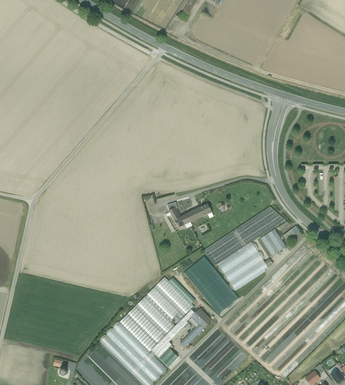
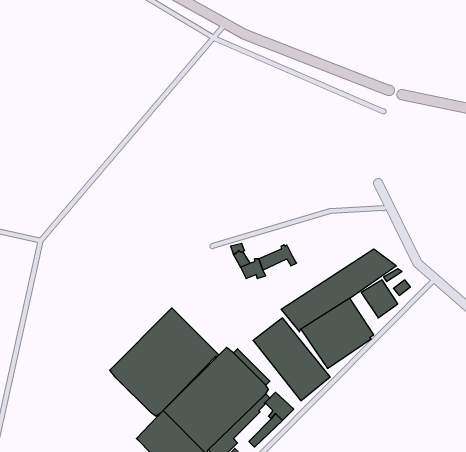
building: none -> [110,308,218,416]

